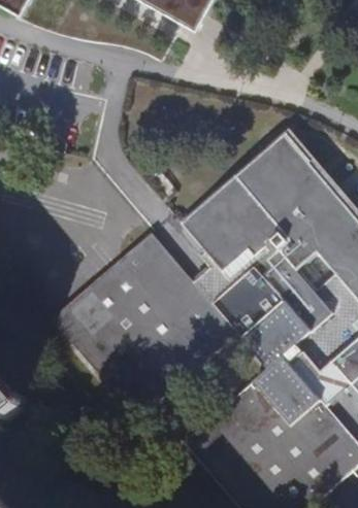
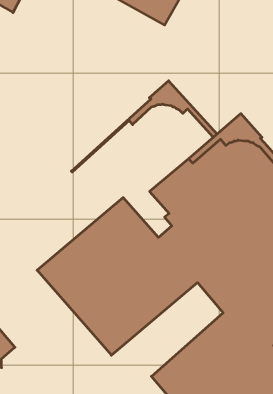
building: none -> [71,81,217,172]

